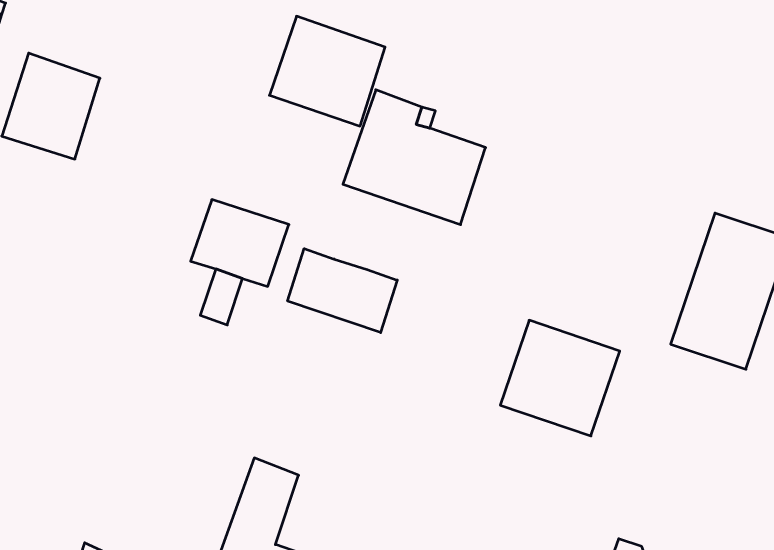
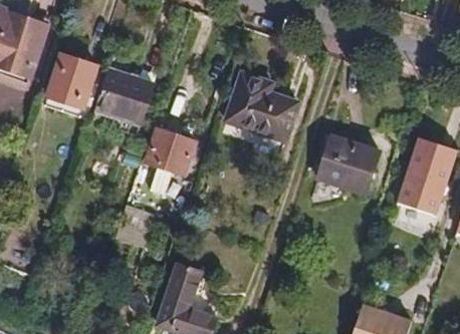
building: [269,16,385,126] -> [94,67,155,124]
building: [288,249,397,333] -> none
building: [500,320,620,436] -> [316,133,379,194]

